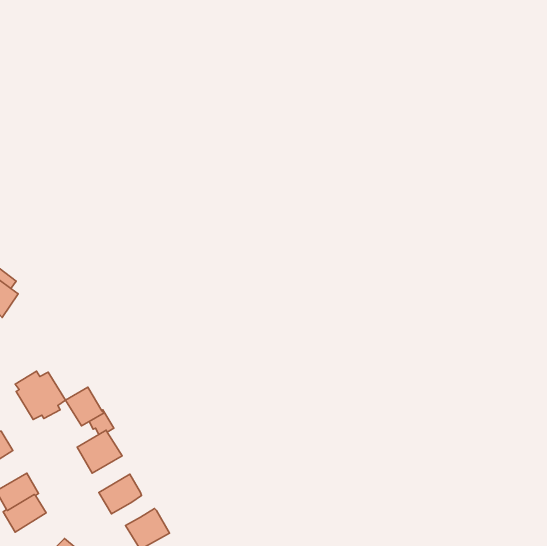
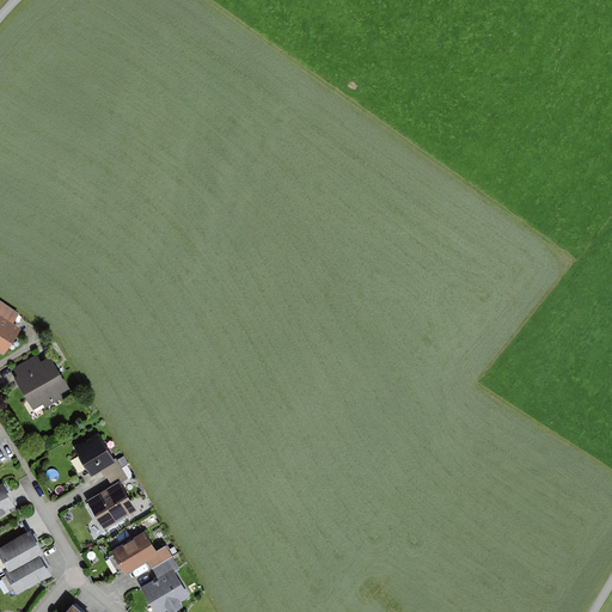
building: [15,371,65,419] -> [12,356,68,410]
building: none -> [147,546,179,579]

